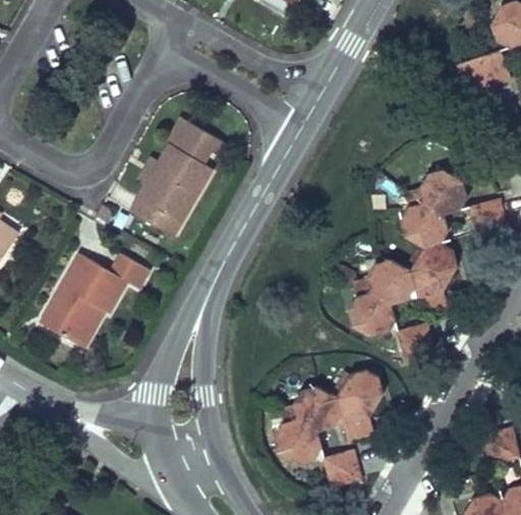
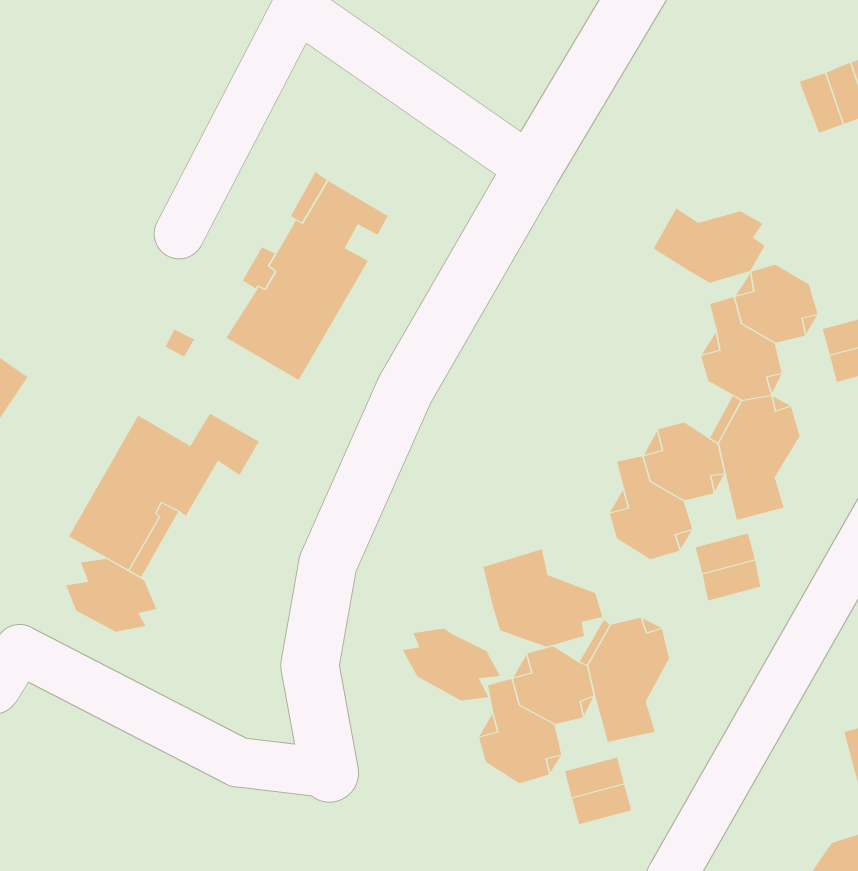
building: none -> [653,207,765,284]
building: none -> [483,548,603,648]
building: none -> [65,558,157,632]
building: none -> [402,628,501,701]

